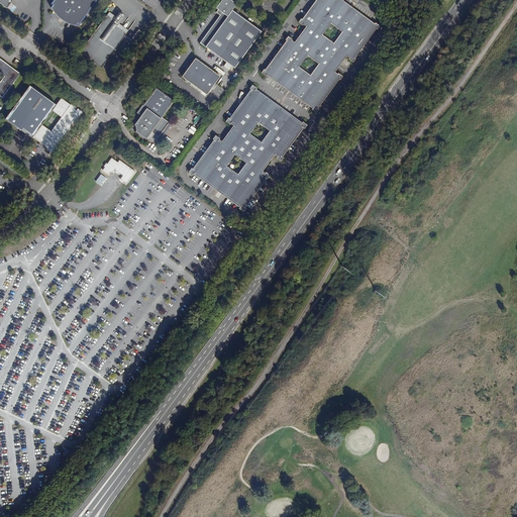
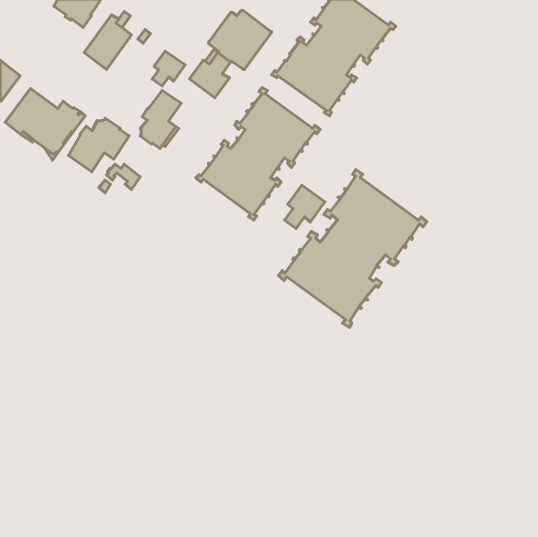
building: none -> [152,51,185,86]
building: none -> [68,118,129,172]
building: none -> [279,169,427,328]
building: none -> [284,185,325,228]

